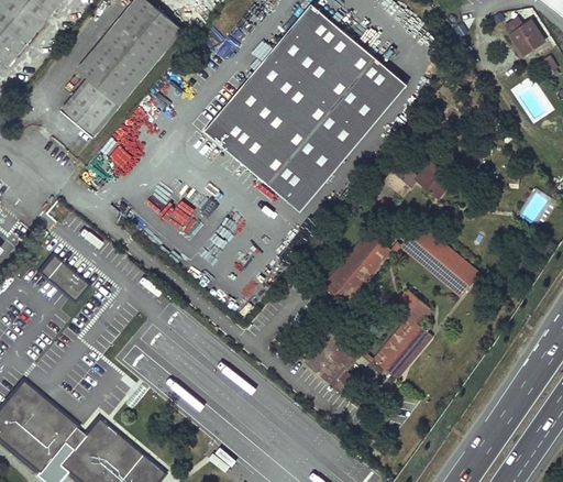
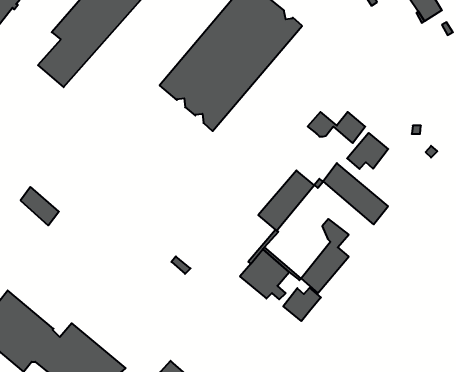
building: [268,61,407,213] -> none
building: none -> [347,133,388,169]
building: none -> [283,288,321,321]

